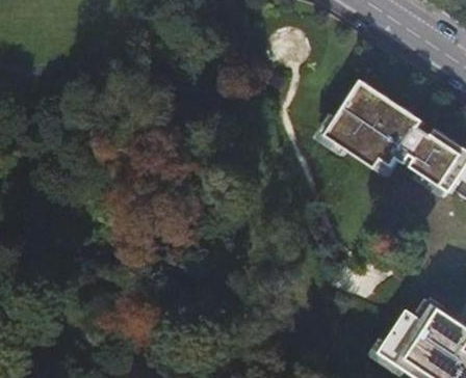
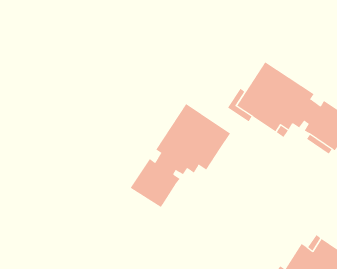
building: none -> [130,103,231,208]

